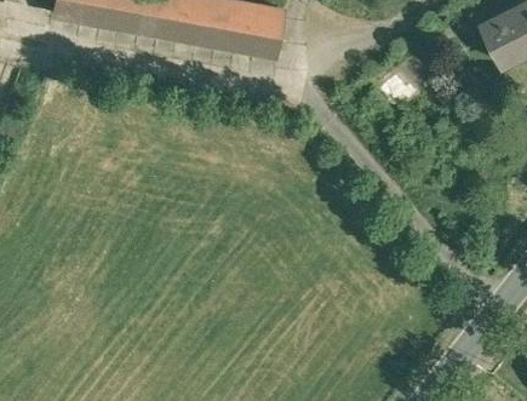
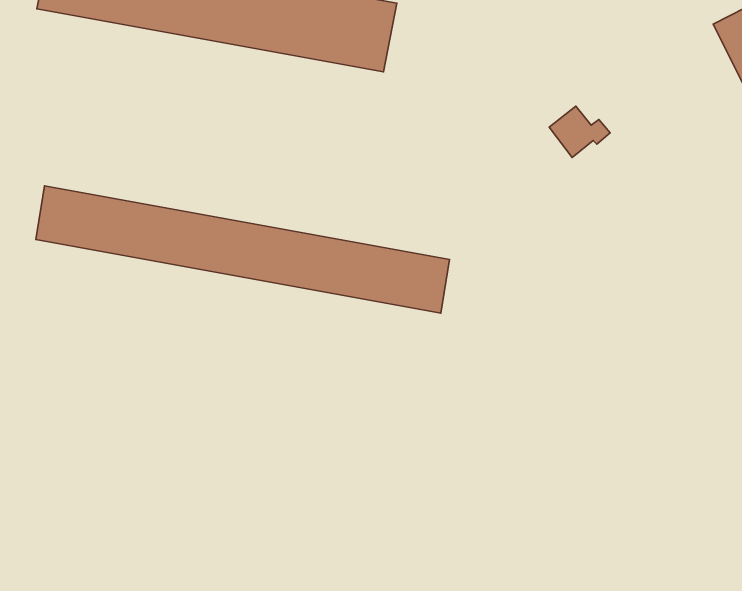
building: none -> [36,186,449,313]

